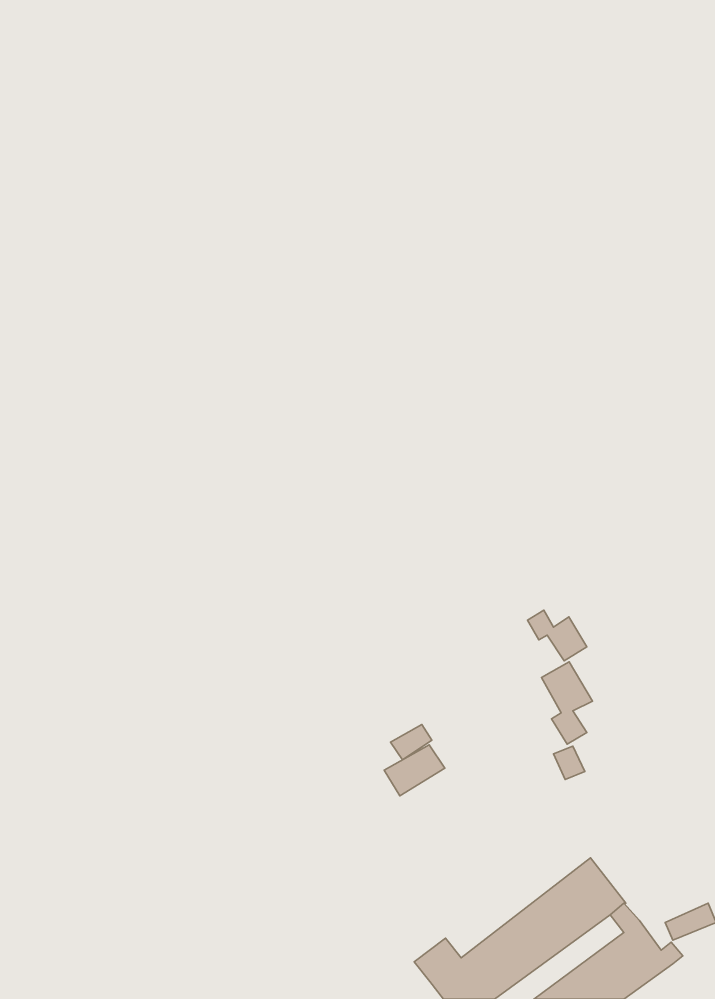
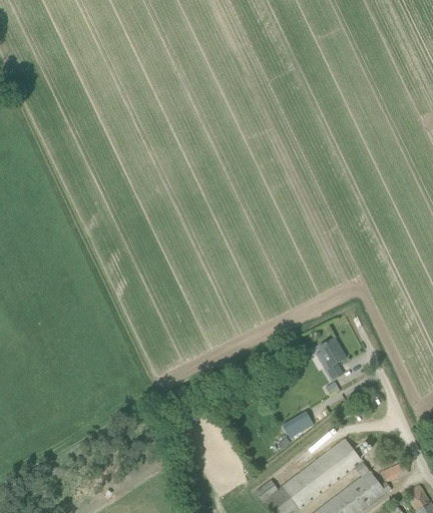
building: [527,610,587,661] -> none
building: [384,745,445,796] -> [282,412,313,438]

